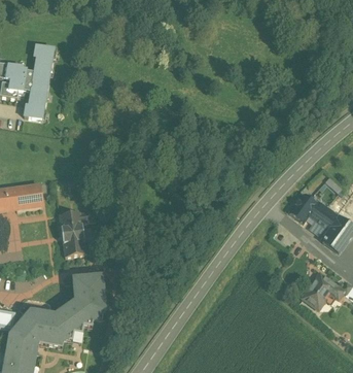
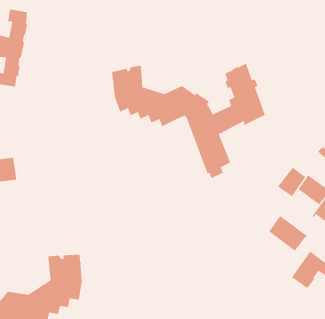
building: none -> [111,63,266,179]
building: [59,210,96,257] -> none
building: none -> [268,215,307,251]

